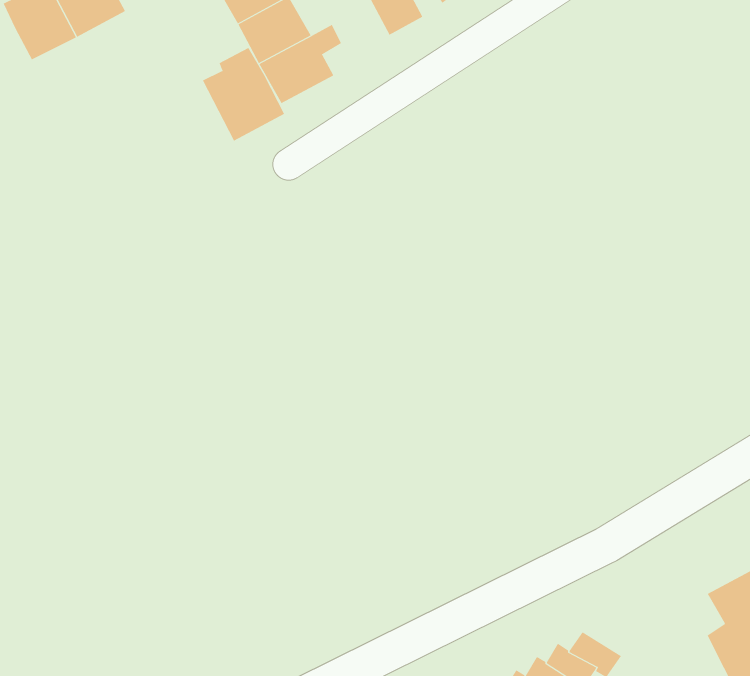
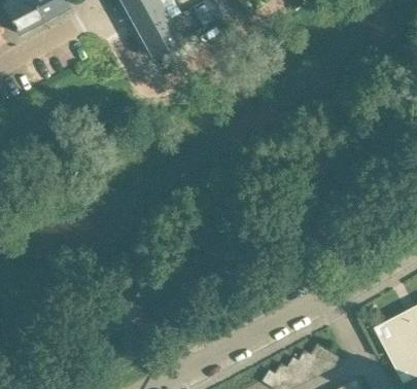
building: [202,47,285,142] -> none

